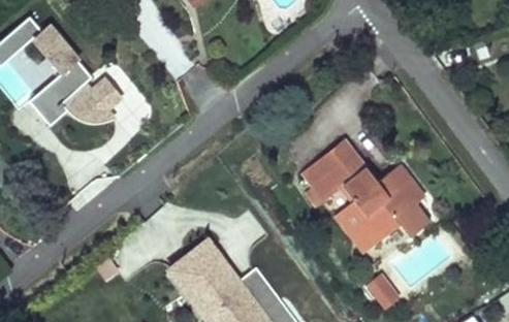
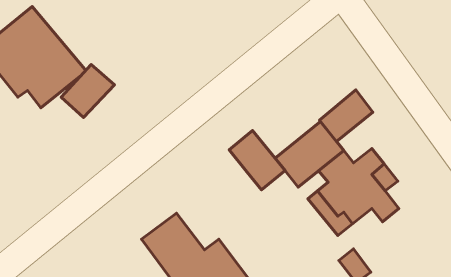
building: none -> [319,90,373,141]
building: none -> [229,131,285,190]

